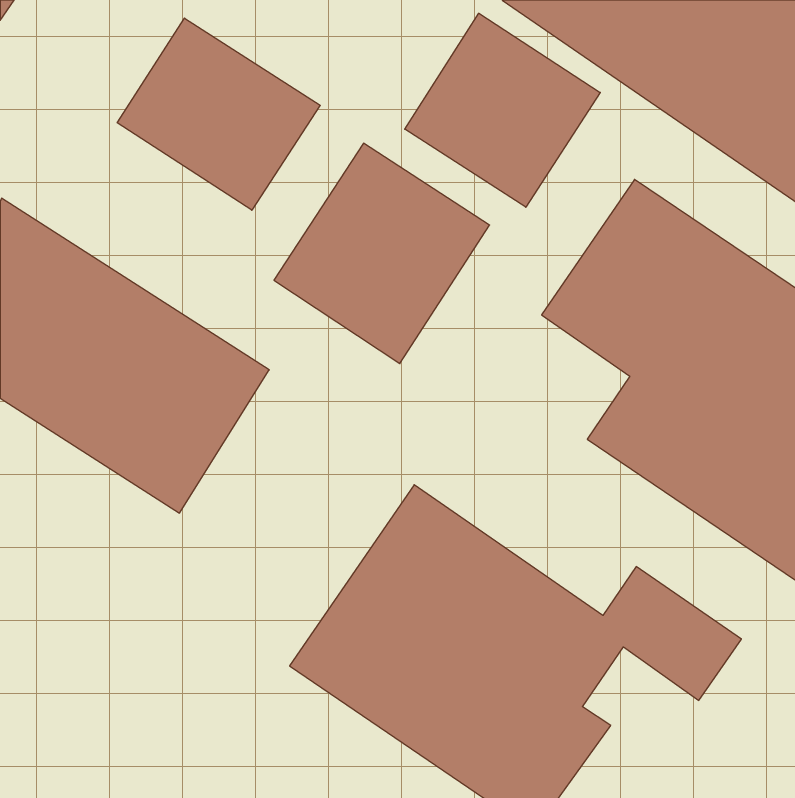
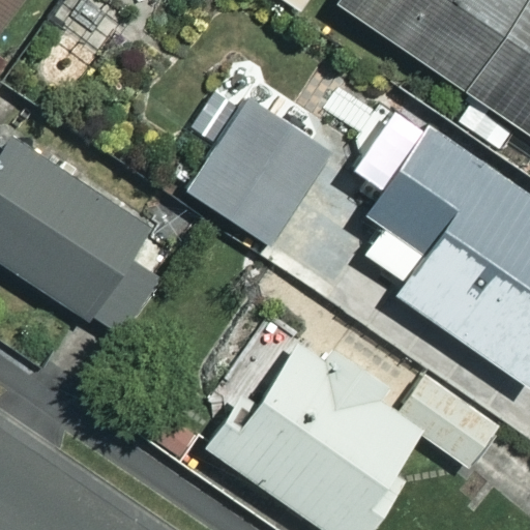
building: [405,13,600,207] -> none
building: [117,18,320,210] -> none

